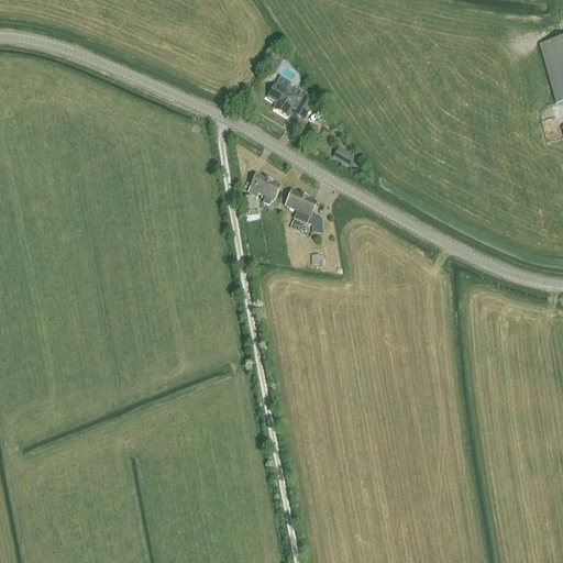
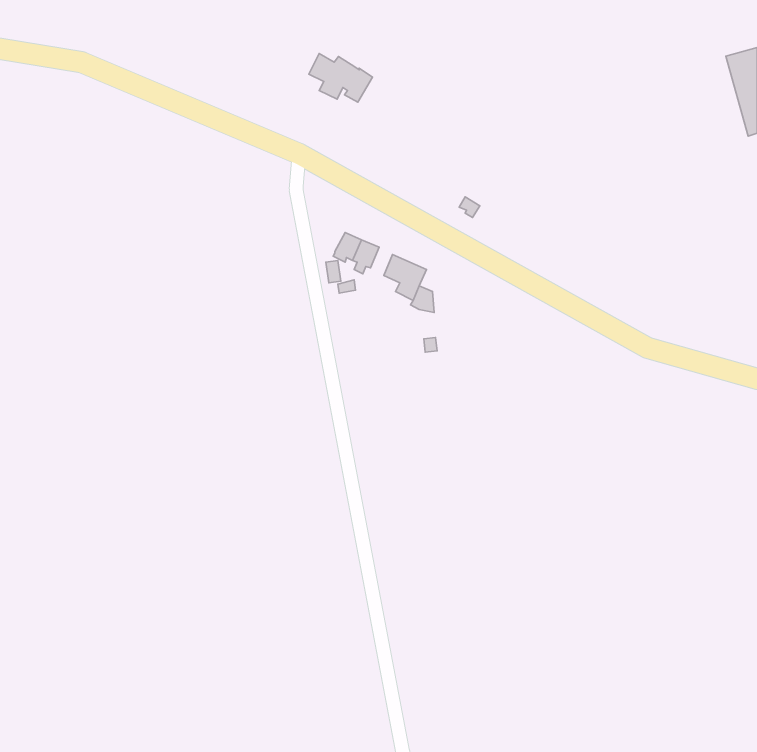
building: [267,80,314,117] -> [309,53,373,102]

